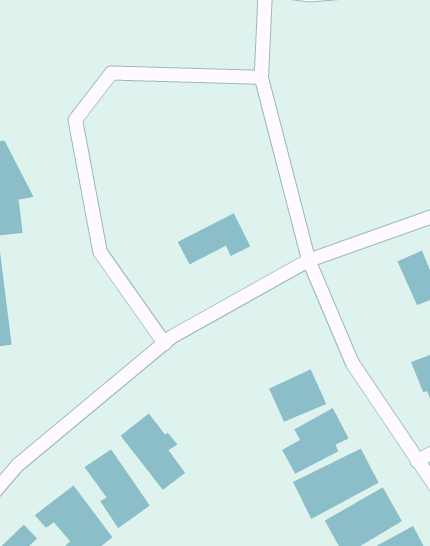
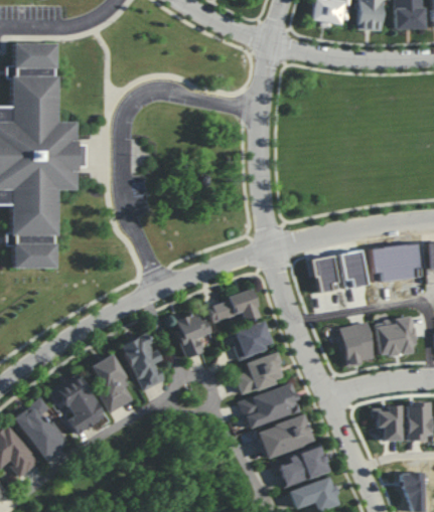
building: [177,212,251,265] -> [207,290,260,322]
building: none -> [312,255,336,293]
building: none -> [172,311,211,358]

